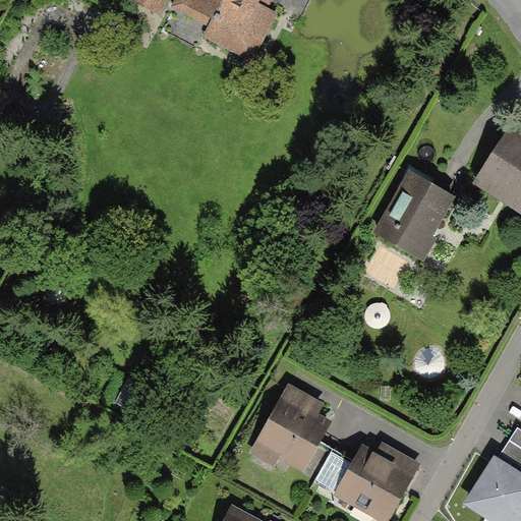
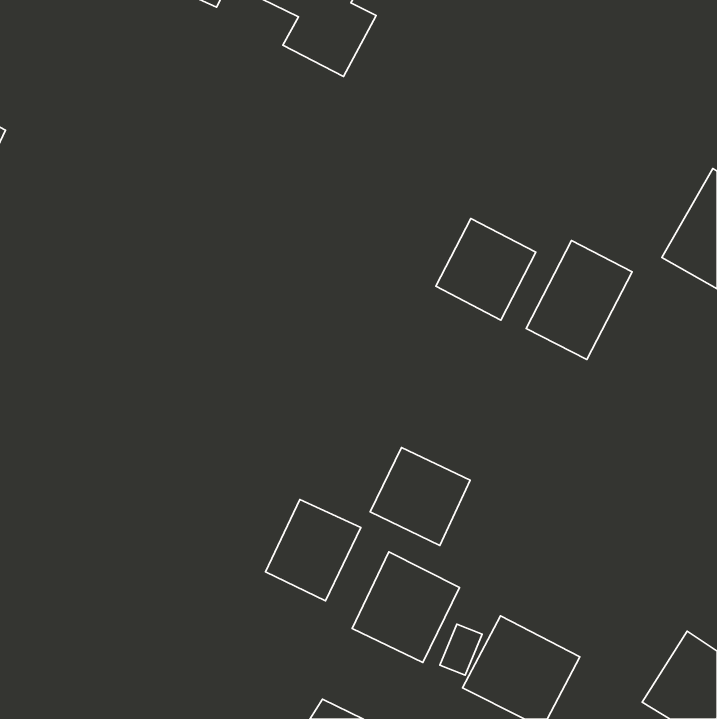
building: none -> [436,218,536,320]
building: none -> [370,448,470,546]
building: none -> [266,499,361,601]

